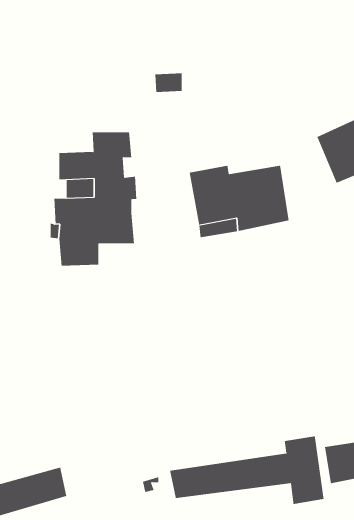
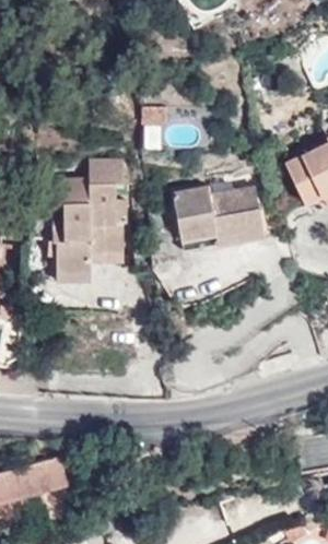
building: [170,435,324,505] -> none

